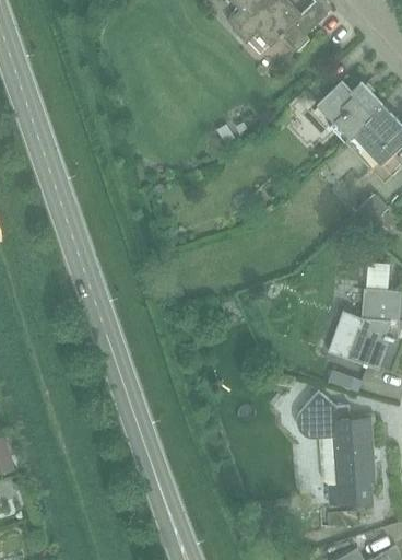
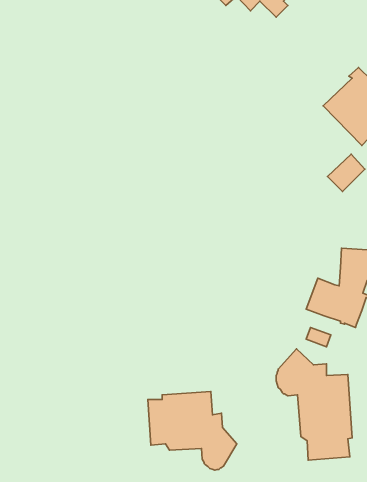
building: [317,82,380,142] -> none
building: none -> [148,391,237,470]

